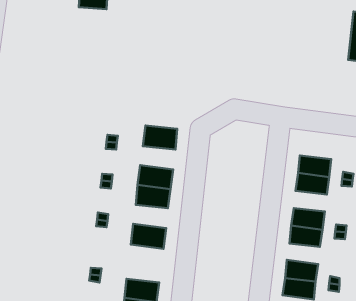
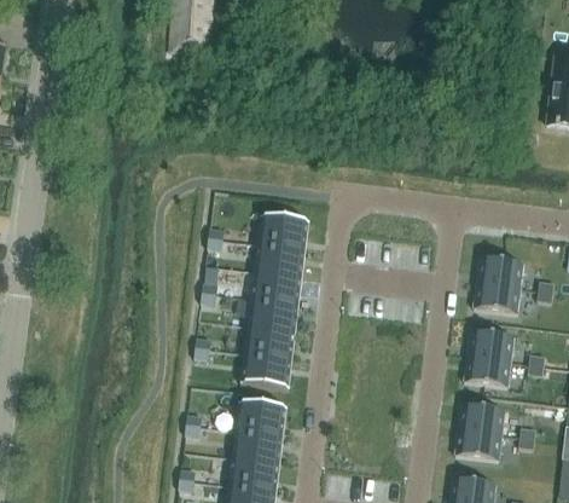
building: none -> [256,243,306,276]
building: none -> [246,325,295,358]
building: none -> [237,400,286,434]

